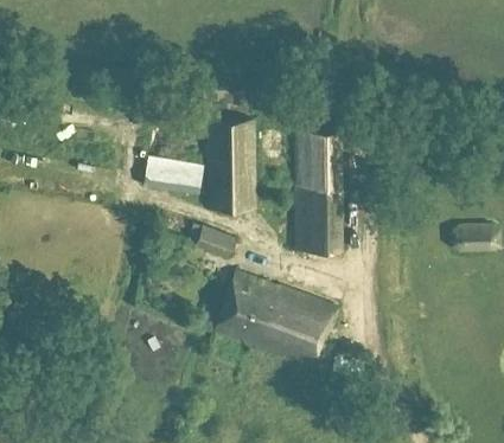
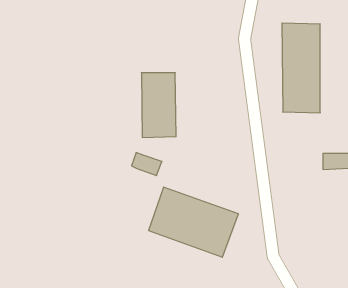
building: [294,129,345,249] -> [282,23,320,113]
building: [146,154,205,194] -> none

